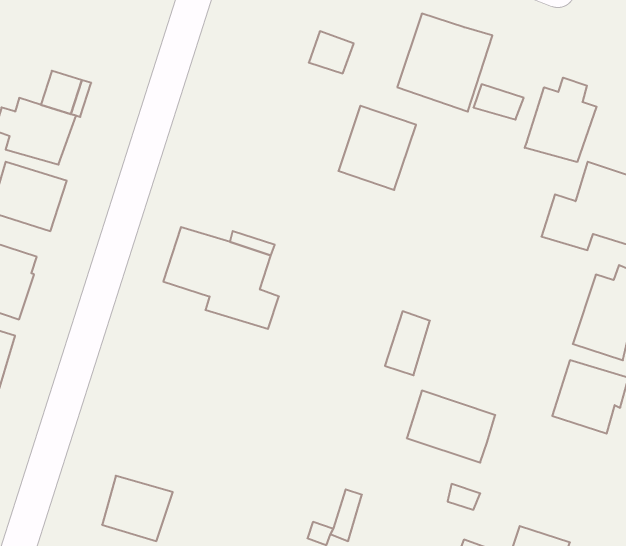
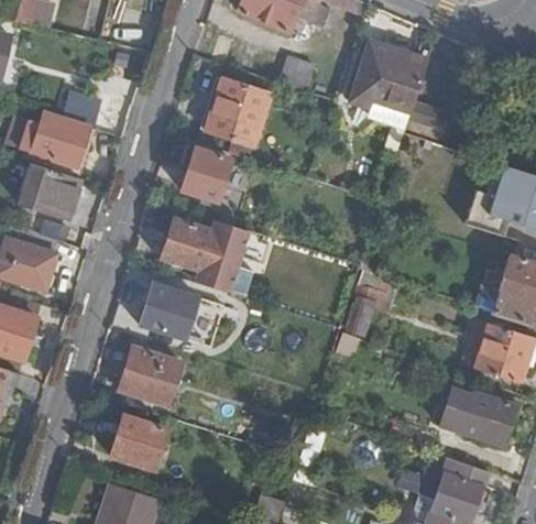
building: [525,78,597,162] -> none
building: [338,106,416,190] -> [207,78,270,146]
building: none -> [183,149,230,201]
building: none -> [140,284,197,340]
building: none -> [119,347,183,406]
building: [407,391,495,463] -> [440,385,512,444]

